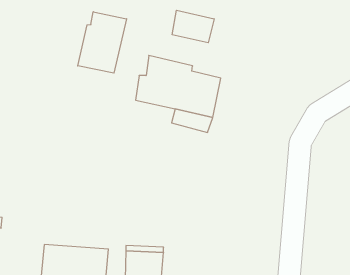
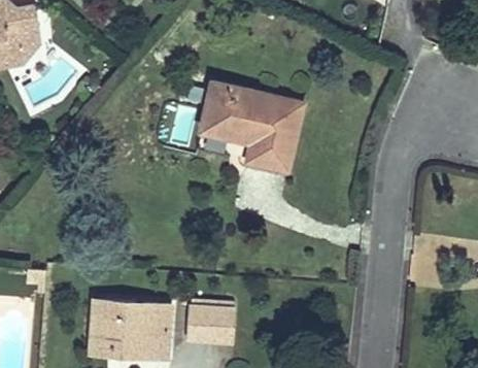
building: [172,10,214,43] -> none
building: [78,12,127,73] -> none

